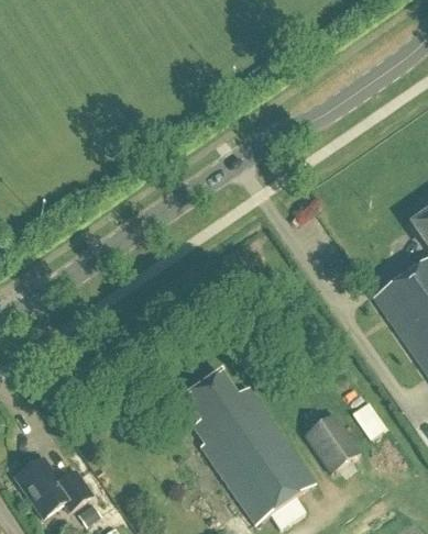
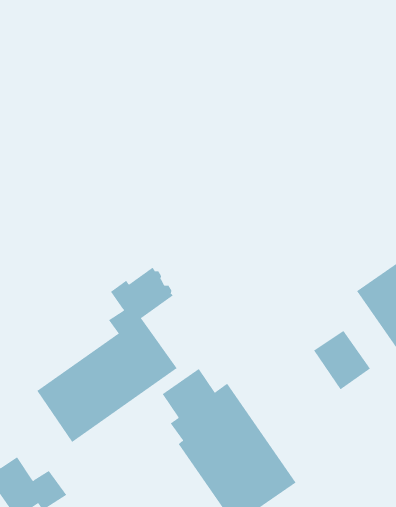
building: none -> [36,267,177,443]
building: [305,415,361,474] -> [313,330,371,390]

